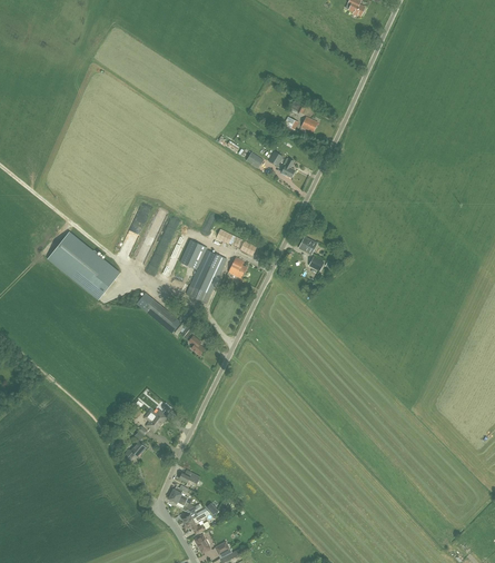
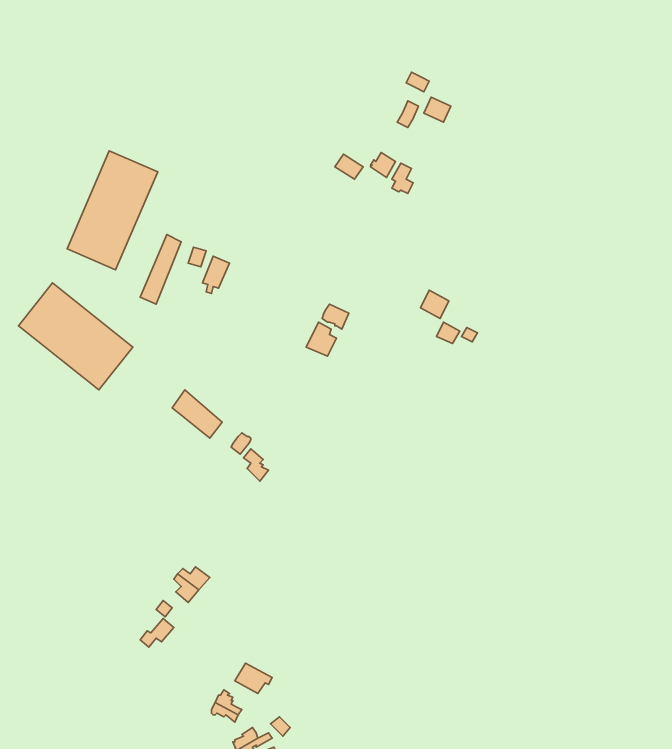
building: none -> [67,151,158,270]
building: [181,239,226,303] -> none

